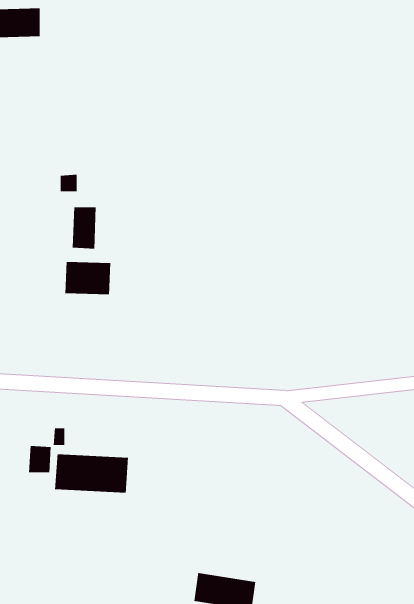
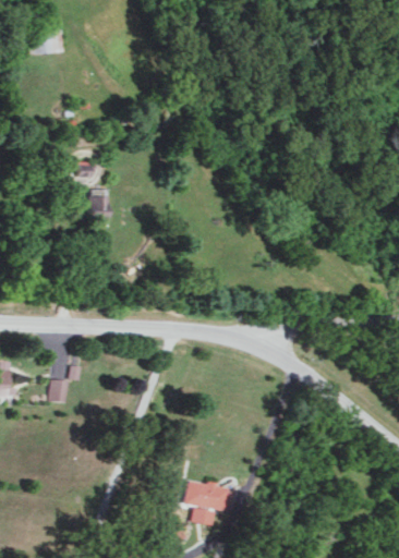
building: [65,261,111,295] -> none
building: [55,453,129,493] -> none

